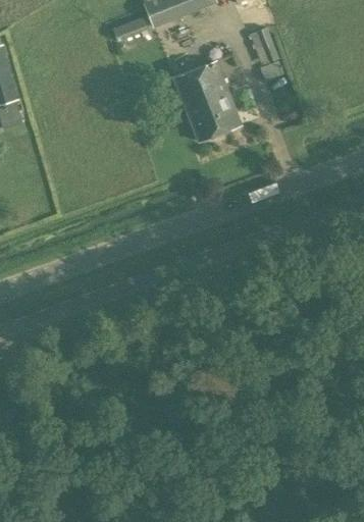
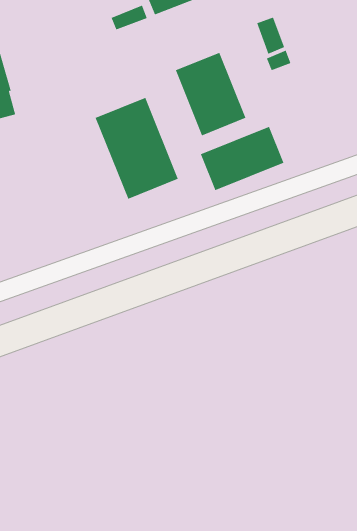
building: none -> [94,97,179,200]
building: none -> [200,126,284,191]

